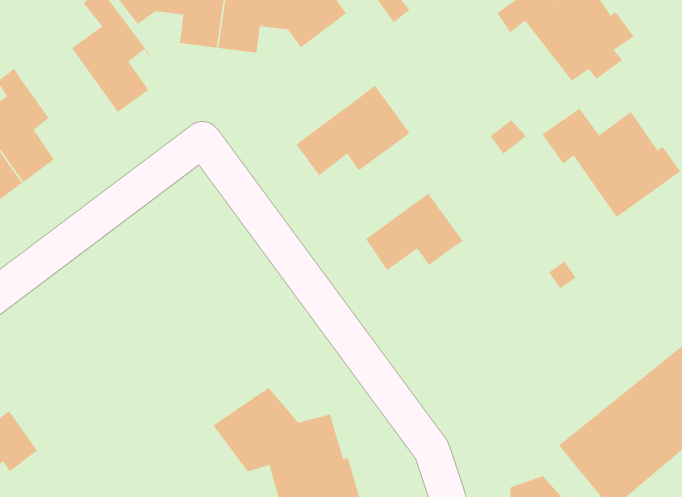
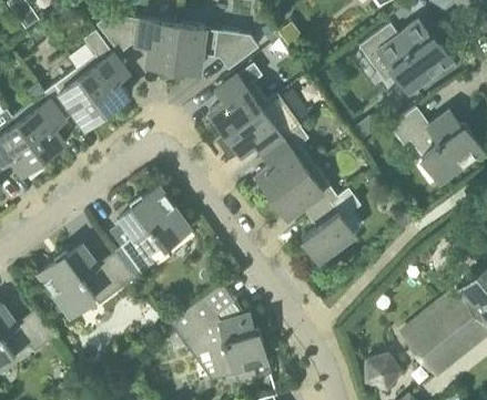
building: none -> [210,64,267,134]
building: none -> [44,70,106,129]
building: none -> [256,127,314,197]
building: none -> [119,186,190,274]
building: none -> [302,189,362,261]
building: none -> [39,246,134,316]

